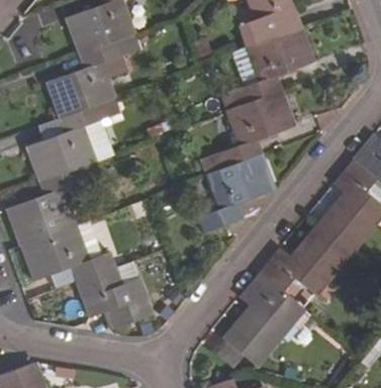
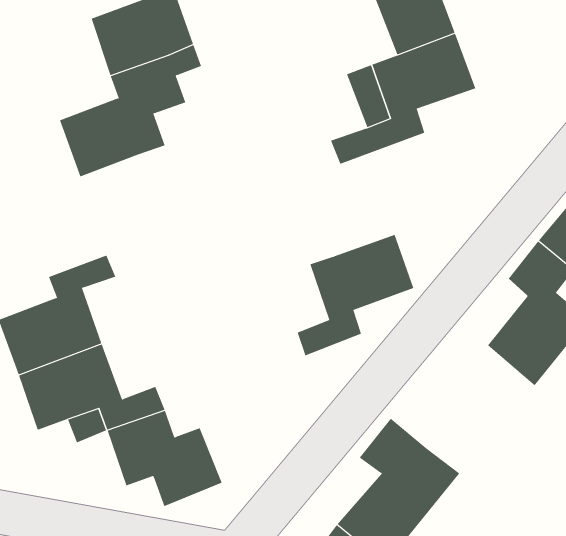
building: [217,90,293,169] -> none
building: [27,104,103,182] -> none
building: [259,225,351,294] -> none

